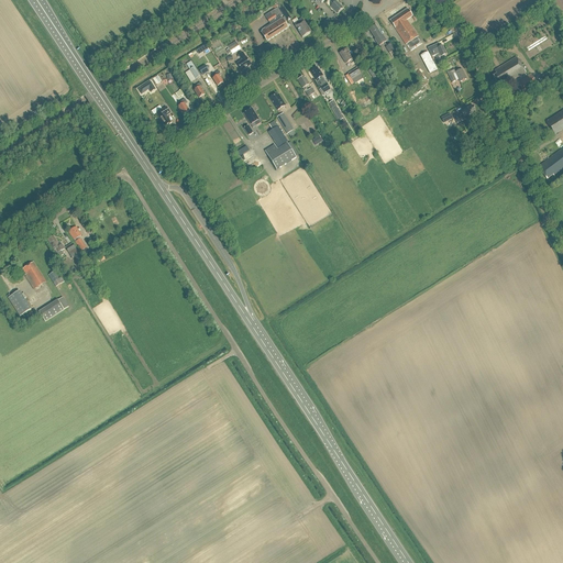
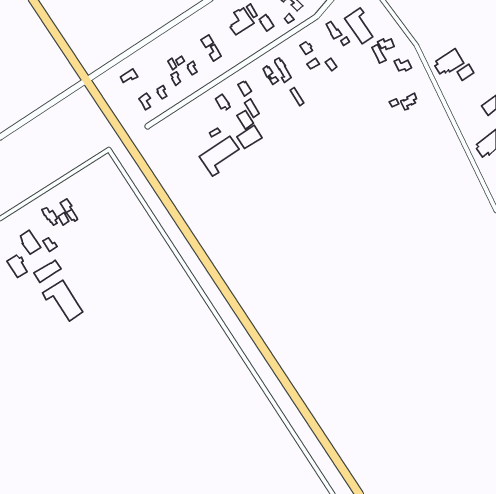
building: none -> [199,136,239,176]
building: none -> [42,280,83,321]

